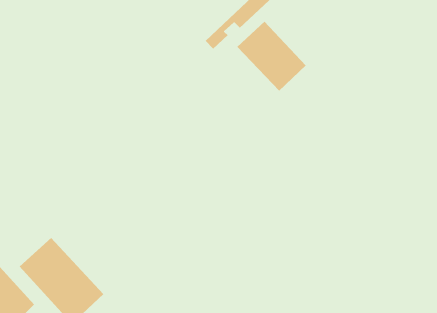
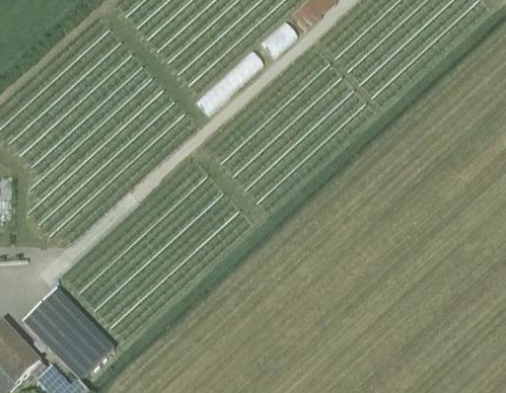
building: [237,21,306,91] -> none

